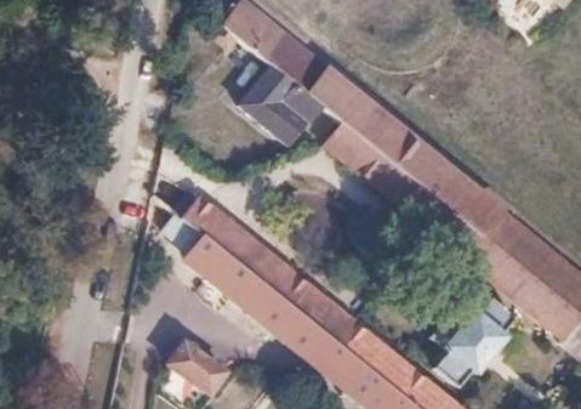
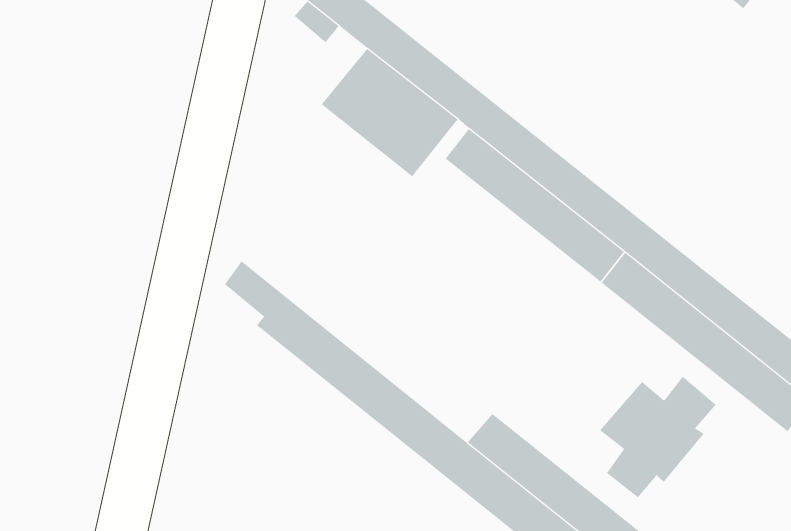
building: [183,195,357,342] -> none
building: [170,340,227,392] -> none

